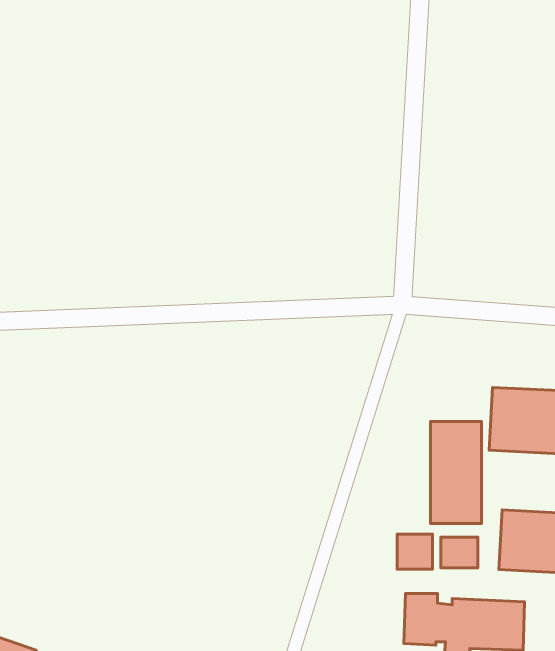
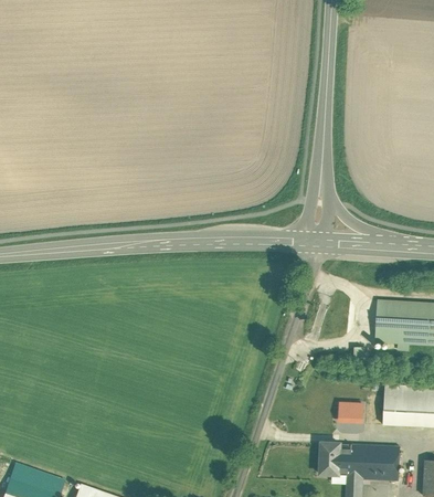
building: [431,422,481,524] -> none
building: [397,534,432,569] -> none

